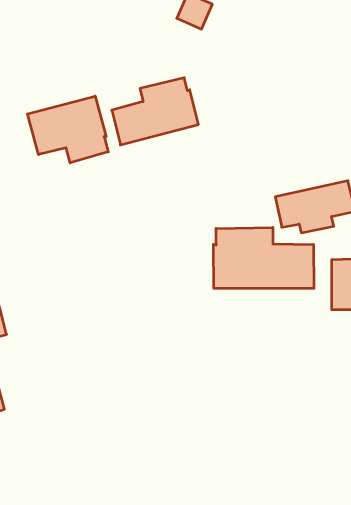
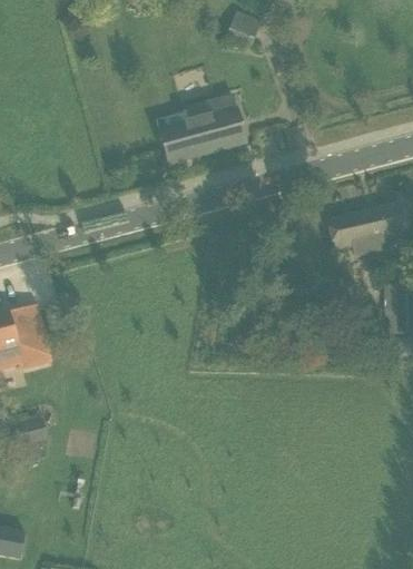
building: [27,96,108,163] -> none
building: [213,227,314,288] -> none

